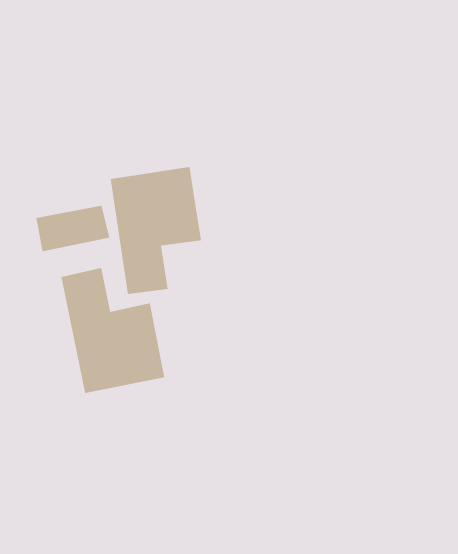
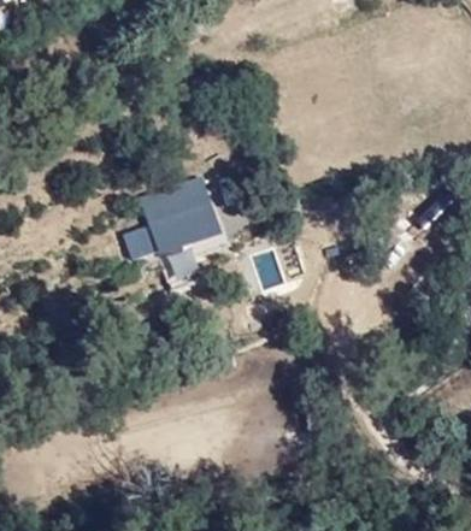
building: [61,267,165,394] -> none

